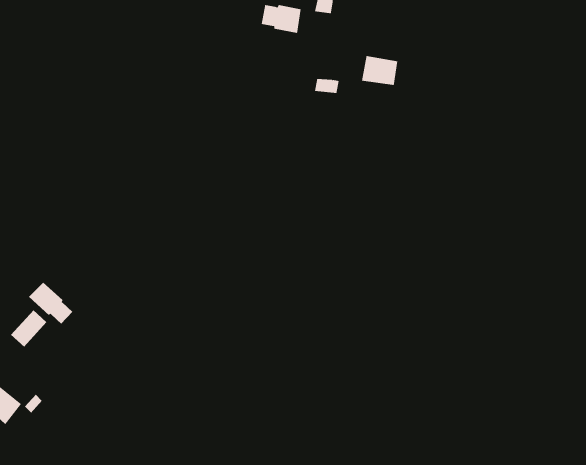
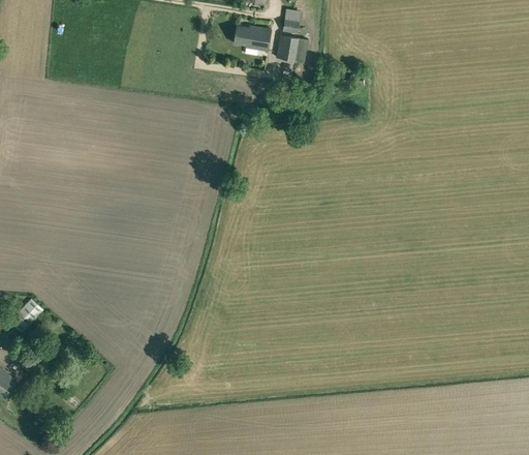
building: [361,55,398,85] -> [275,34,308,61]
building: [28,282,73,325] -> none

